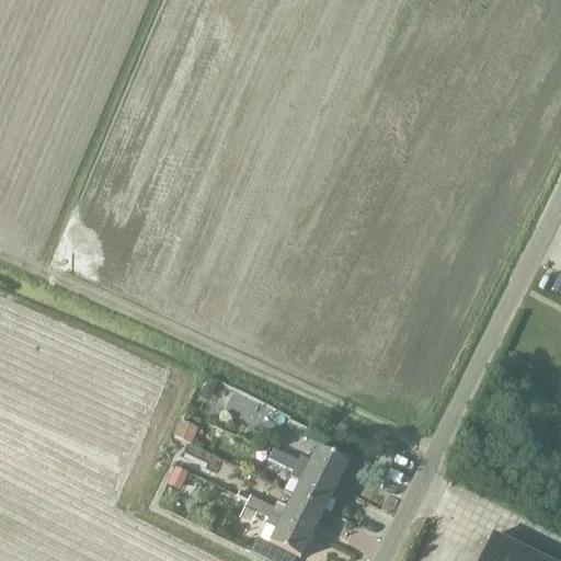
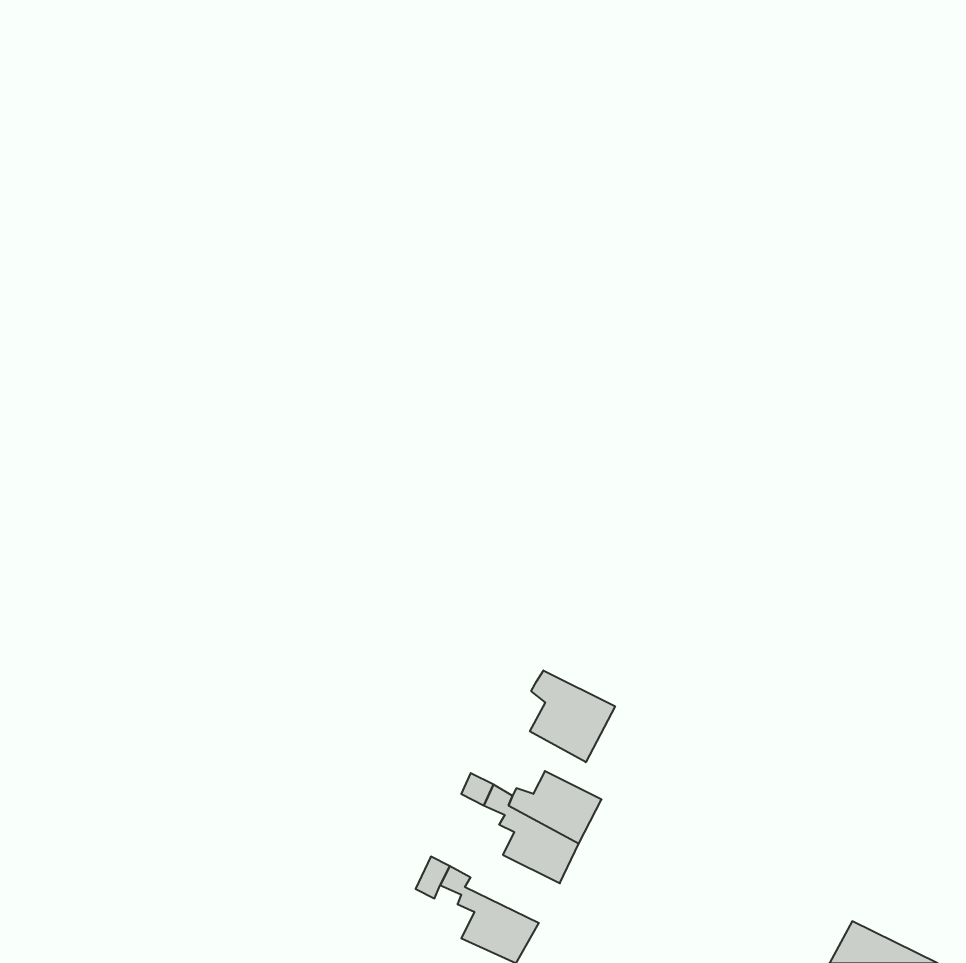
building: none -> [530,670,615,762]
building: [271,493,325,533] -> none

